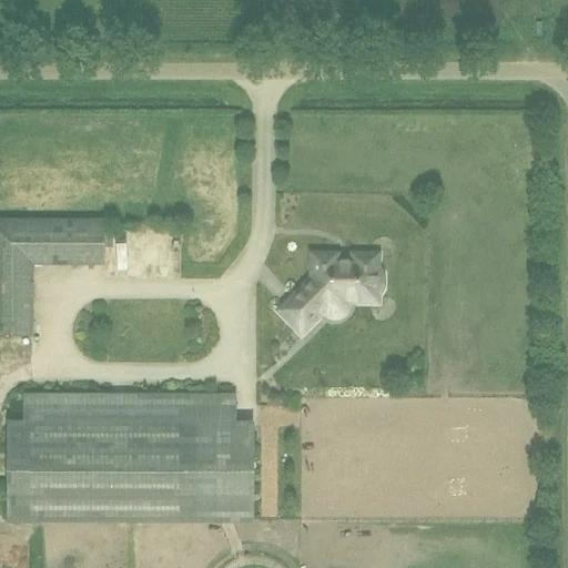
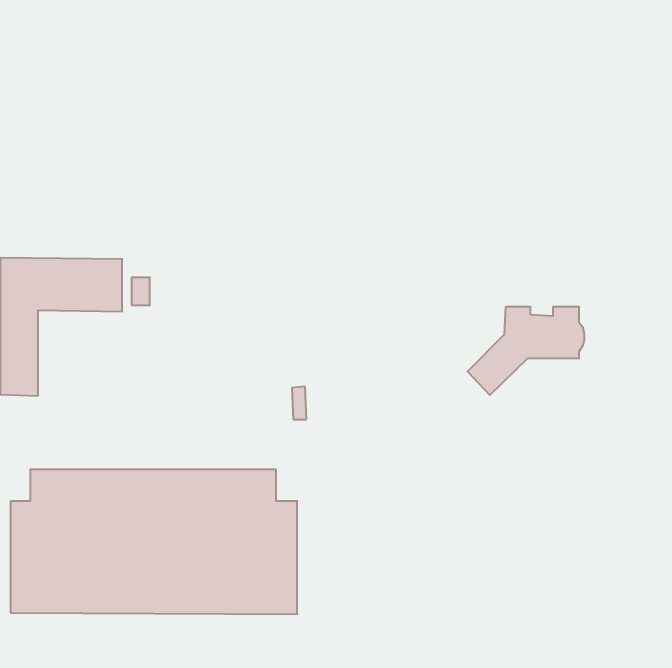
building: [282,254,381,328] -> [467,307,584,395]

